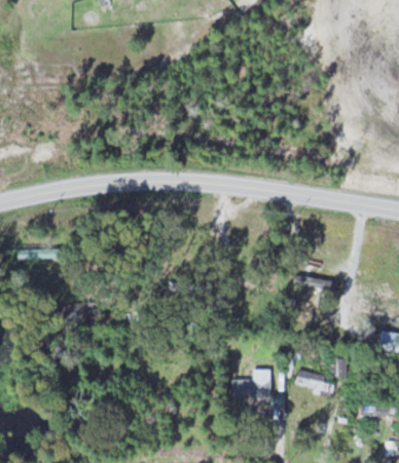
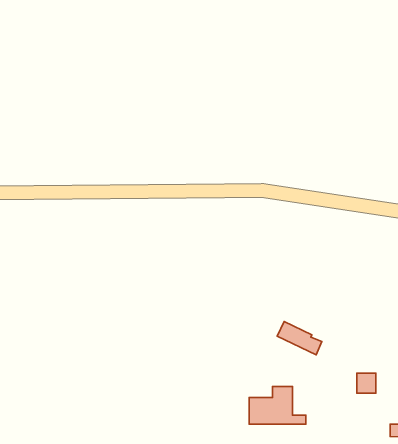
building: [293,366,334,397] -> [277,322,322,355]

